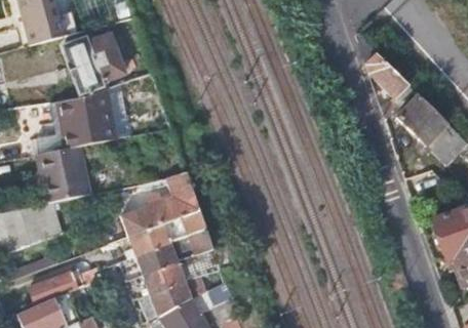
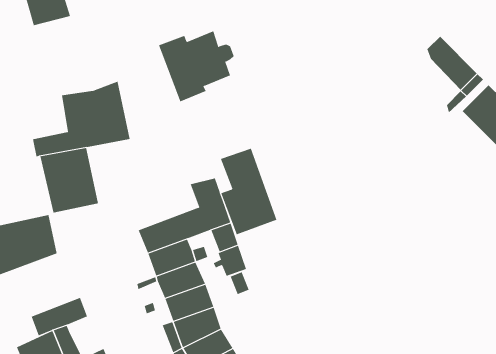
building: [63,34,127,94] -> [158,30,235,102]
building: none -> [220,148,277,235]

